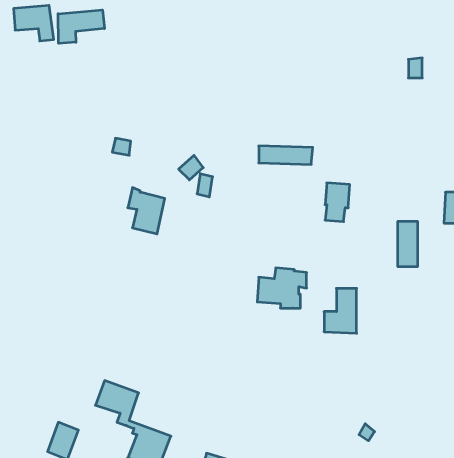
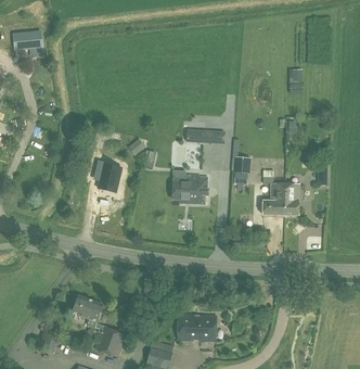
building: [58,10,104,43] -> none
building: [257,268,307,308] -> [171,175,206,203]
building: [324,288,357,333] -> [261,183,284,215]
building: none -> [177,314,215,341]

